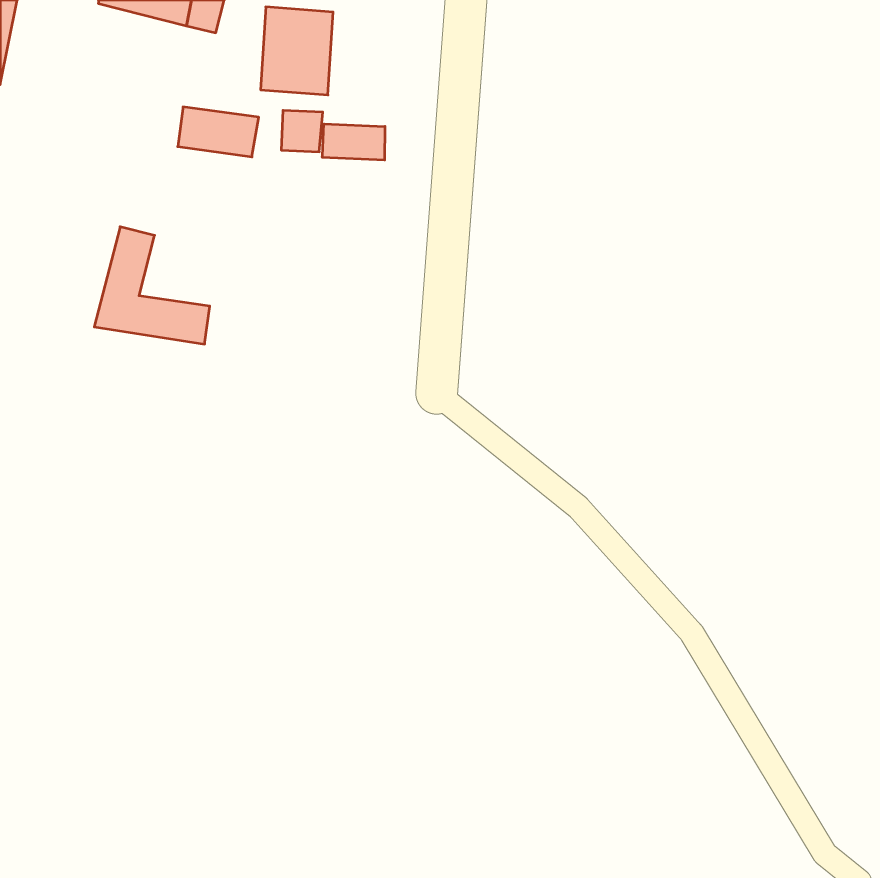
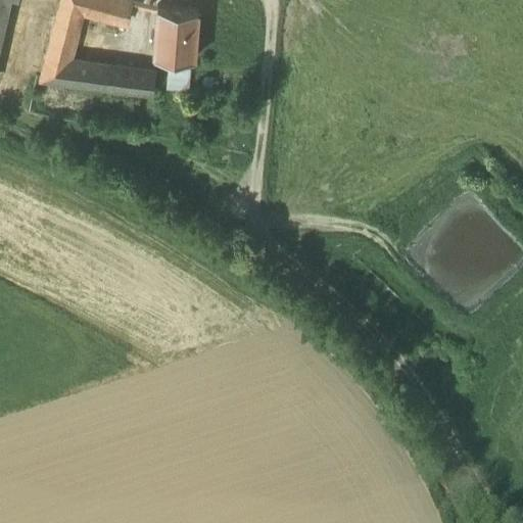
building: [322,124,385,160] -> none
building: [94,227,210,344] -> [41,19,109,89]

